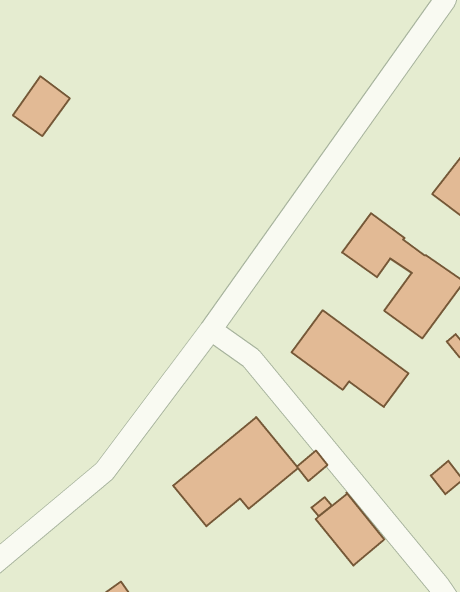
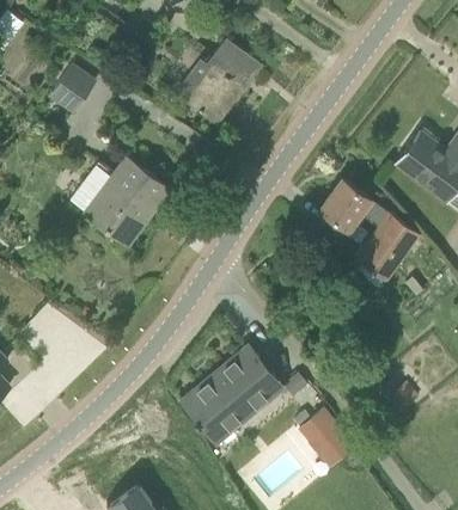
building: none -> [175,38,262,125]
building: none -> [69,158,169,245]
building: [292,310,408,407] -> none

